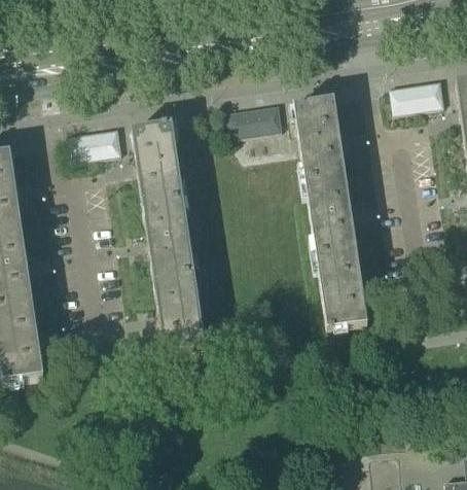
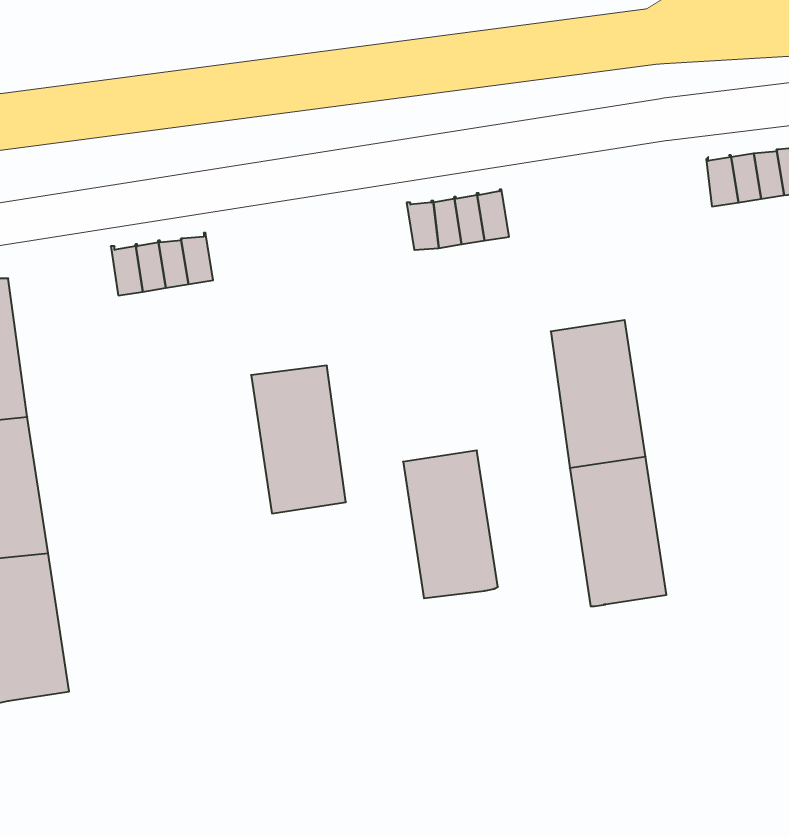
building: [294,100,346,181] -> none
building: [132,124,184,205] -> none
building: [154,274,206,354] -> [403,450,498,598]

